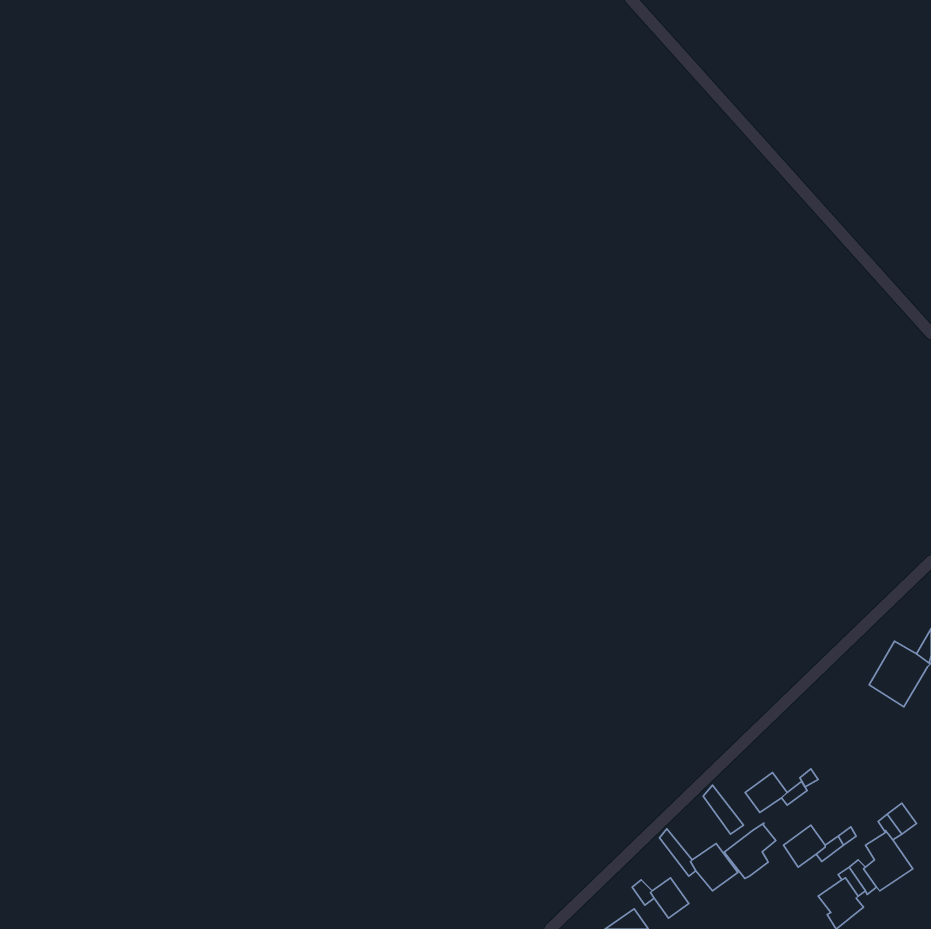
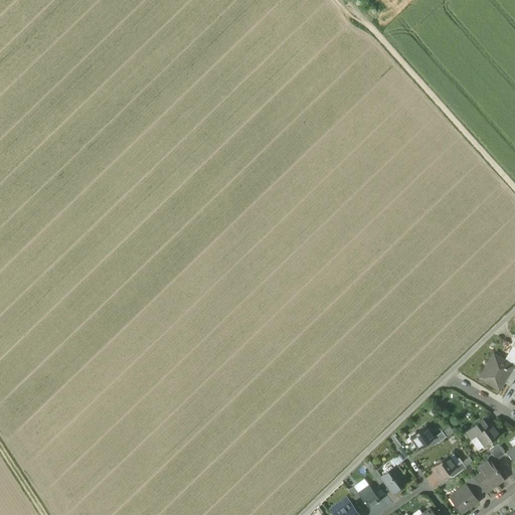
building: none -> [466,419,501,447]
building: [724,823,776,879] -> none

